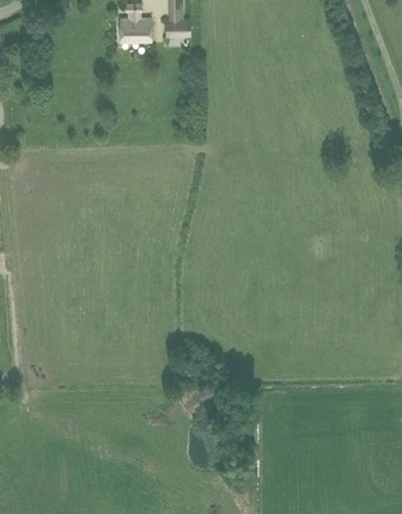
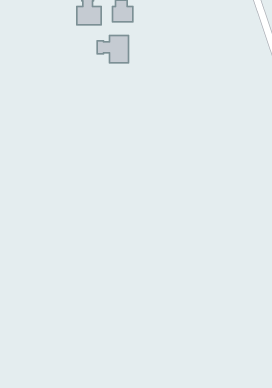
building: none -> [97,35,129,63]

